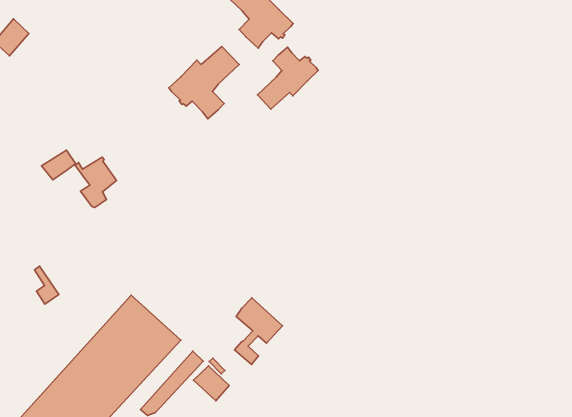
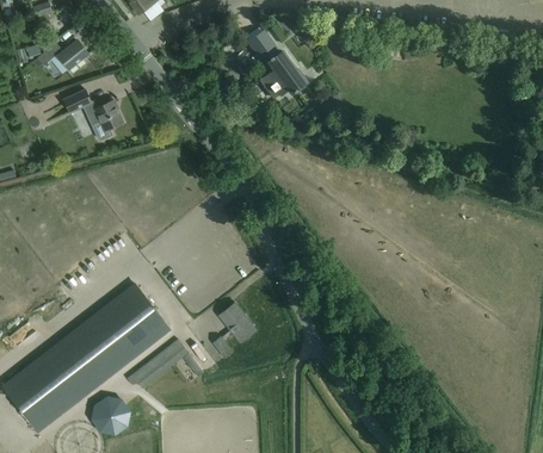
building: [169,46,239,119] -> none
building: [257,47,318,109] -> none
building: [42,150,116,207] -> [63,88,123,139]

